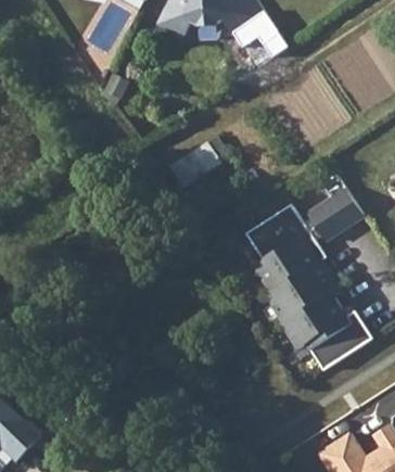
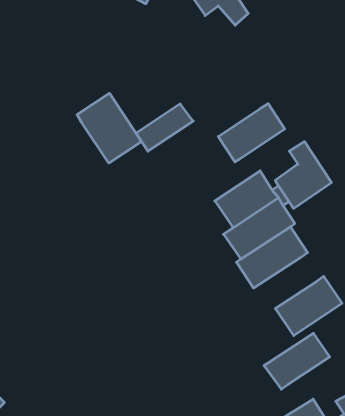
building: none -> [77,93,141,163]
building: none -> [218,104,285,162]
building: [284,292,351,348] -> [264,333,330,389]

